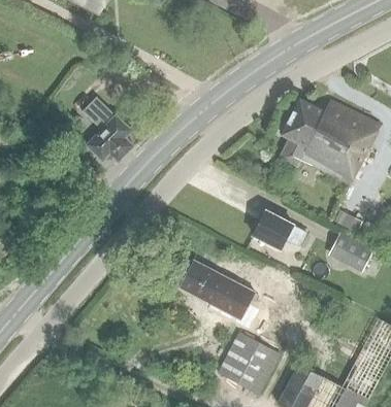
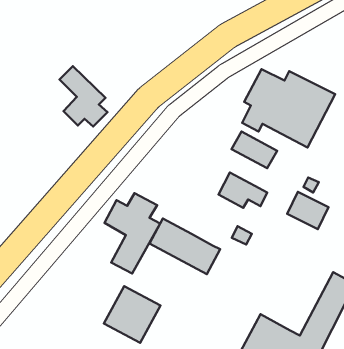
building: none -> [232,131,277,168]
building: none -> [104,193,160,274]
building: [217,332,278,393] -> [104,286,160,343]

